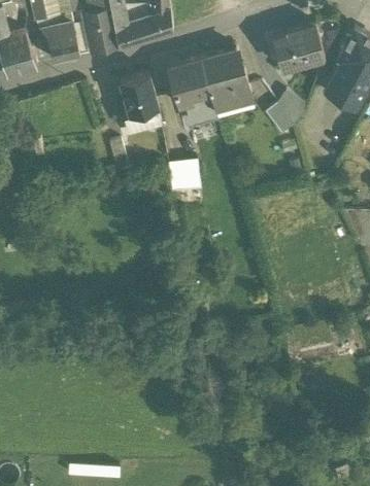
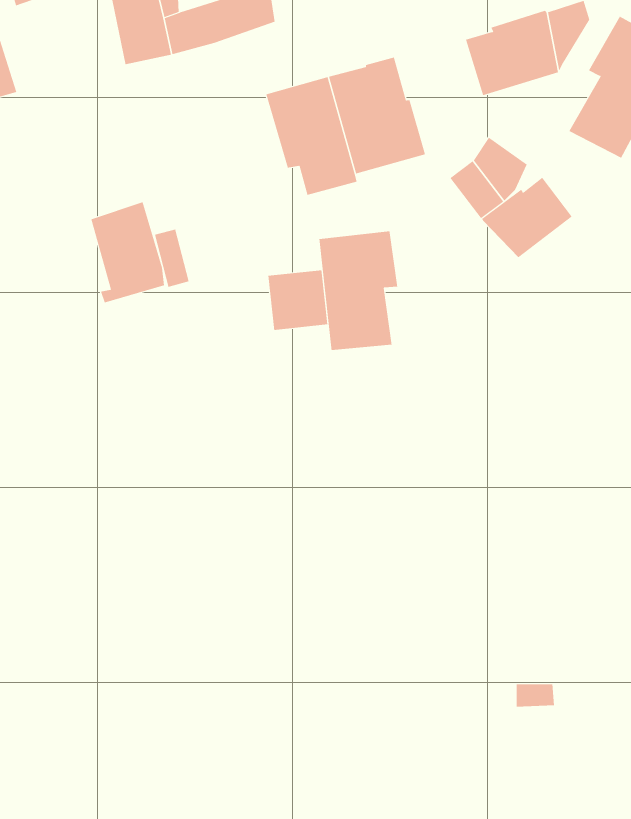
building: [48,25,79,64] -> none
building: [121,74,160,128] -> [90,202,165,303]
building: none -> [482,177,573,258]
building: none -> [319,230,398,351]

